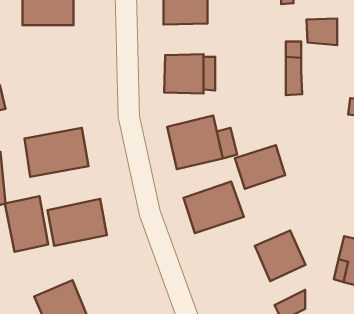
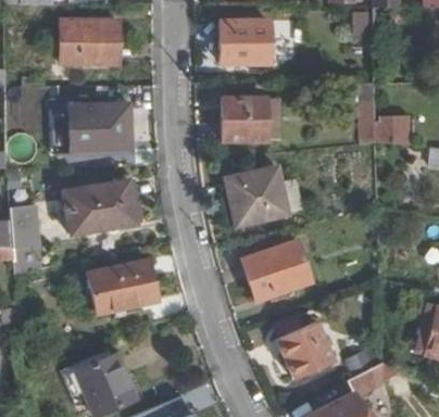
building: [307,18,337,45] -> [377,115,412,146]
building: none -> [68,104,130,153]
building: [235,145,285,189] -> none
building: [5,196,48,252] -> none
building: [255,230,305,281] -> [277,321,335,379]

